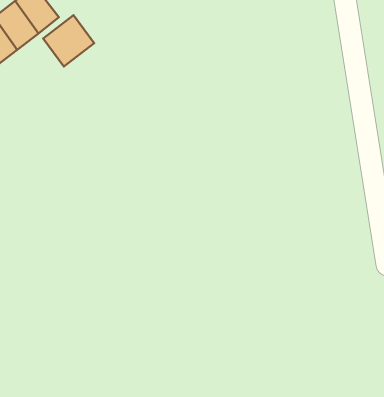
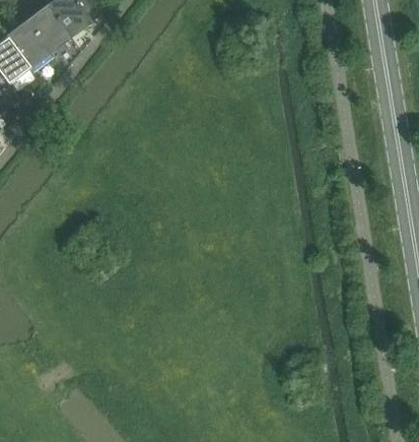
building: [43,15,94,66] -> none

